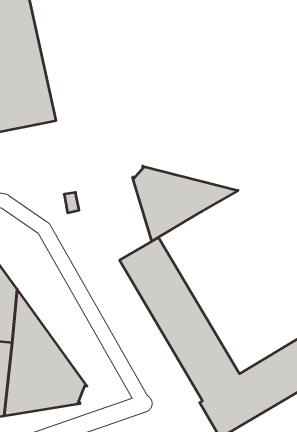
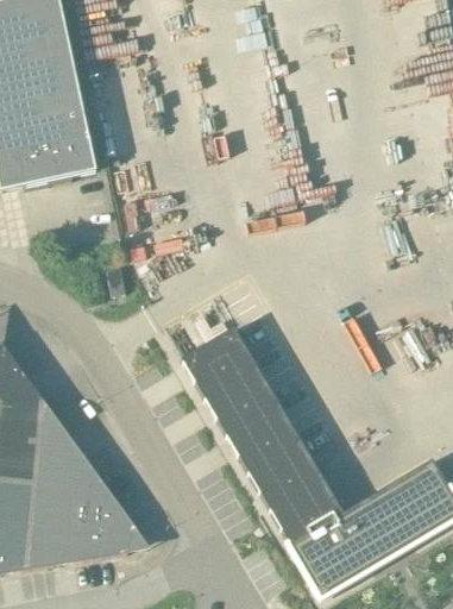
building: [133,166,238,241] -> none

